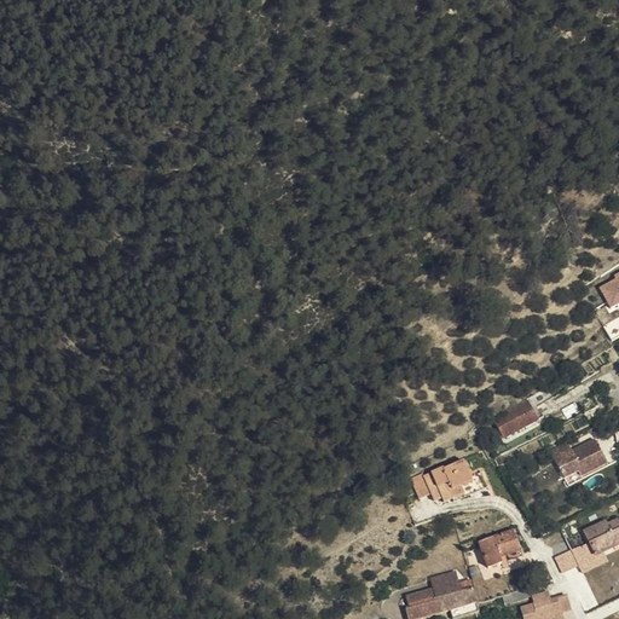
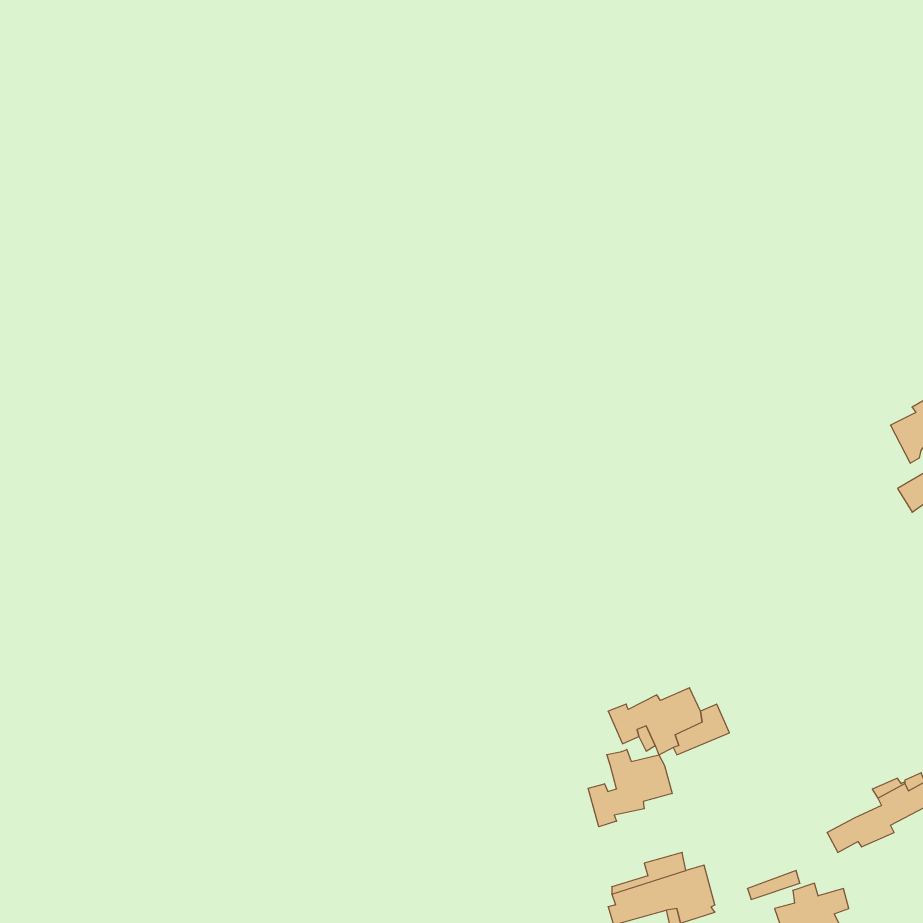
building: [493,395,542,434] -> none
building: [549,435,607,476] -> none
building: none -> [588,749,672,827]
building: [480,531,521,569] -> none

